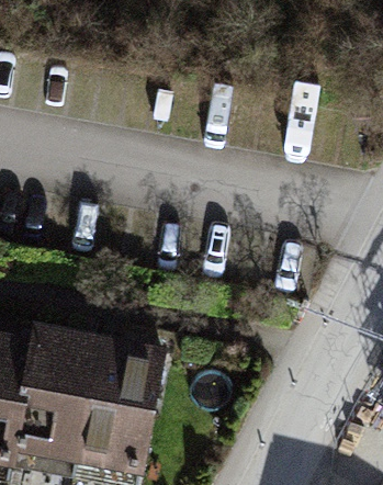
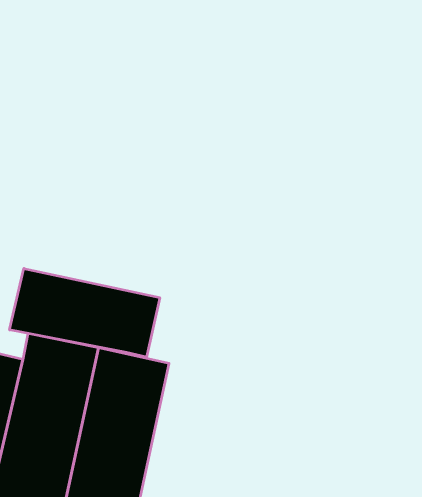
building: none -> [10,268,160,357]

